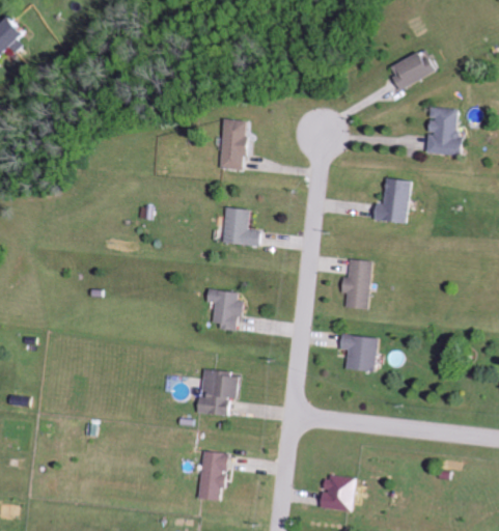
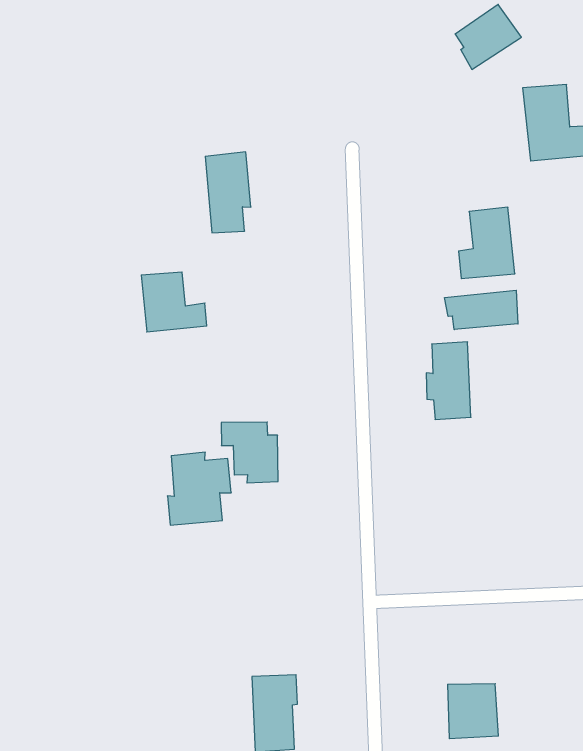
building: [221,206,260,245] -> [141,272,207,332]
building: none -> [445,290,518,330]
building: [337,333,378,371] -> none
building: [195,369,238,415] -> [167,452,231,525]

